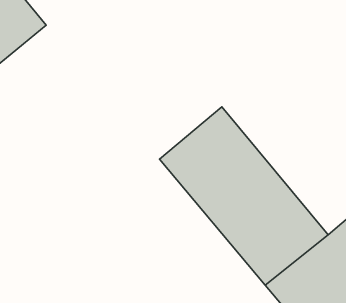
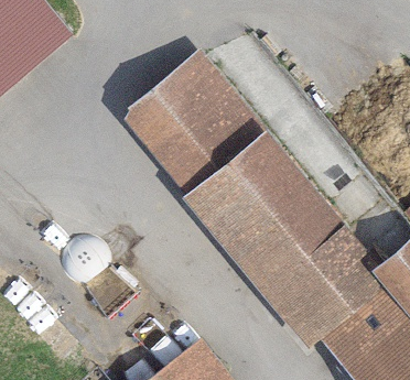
building: none -> [133,53,256,181]

